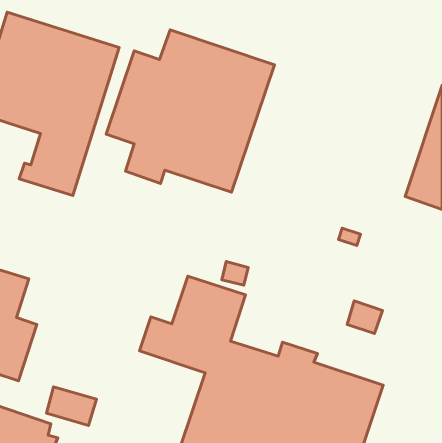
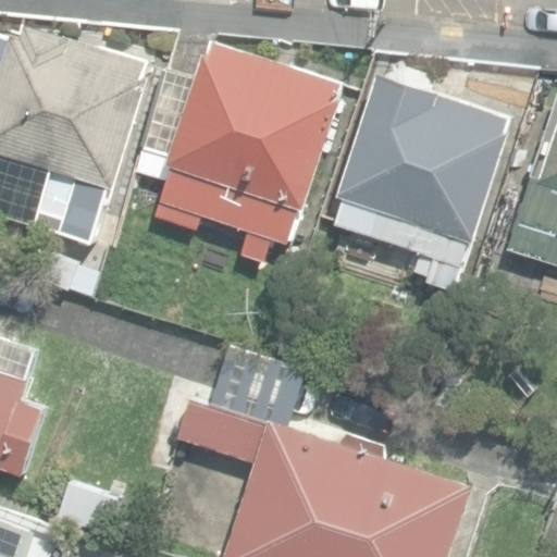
building: none -> [332,67,509,293]

